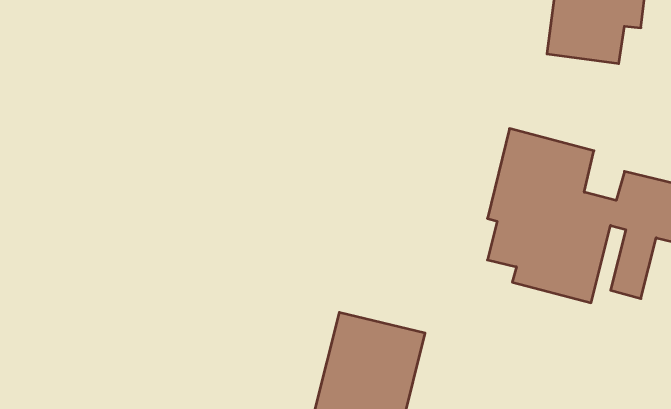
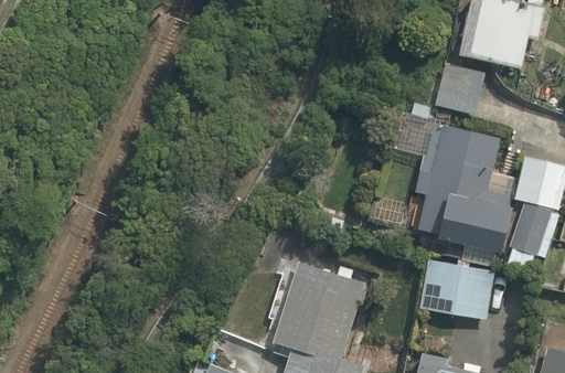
building: none -> [437,64,482,116]
building: none -> [420,264,492,320]

